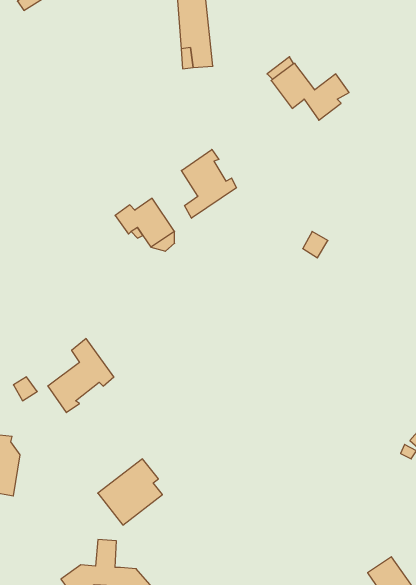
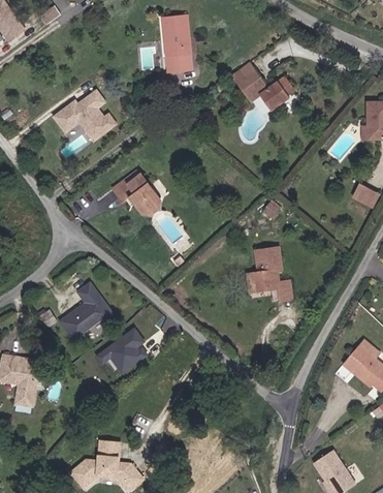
building: none -> [51,93,111,142]
building: [181,149,236,218] -> none
building: none -> [253,248,291,300]
building: [98,459,162,525] -> [98,326,149,377]

